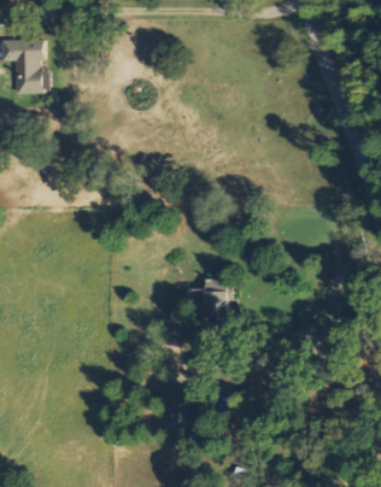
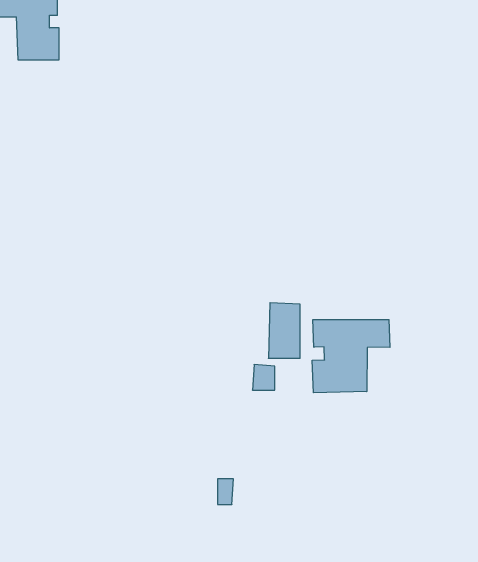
building: none -> [312,320,390,393]

